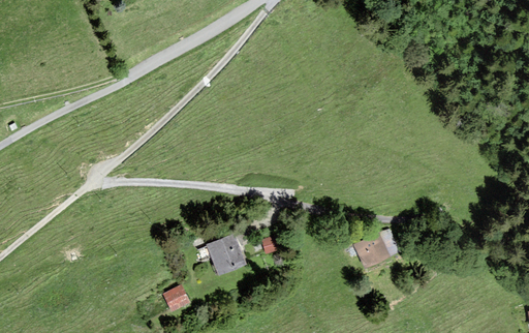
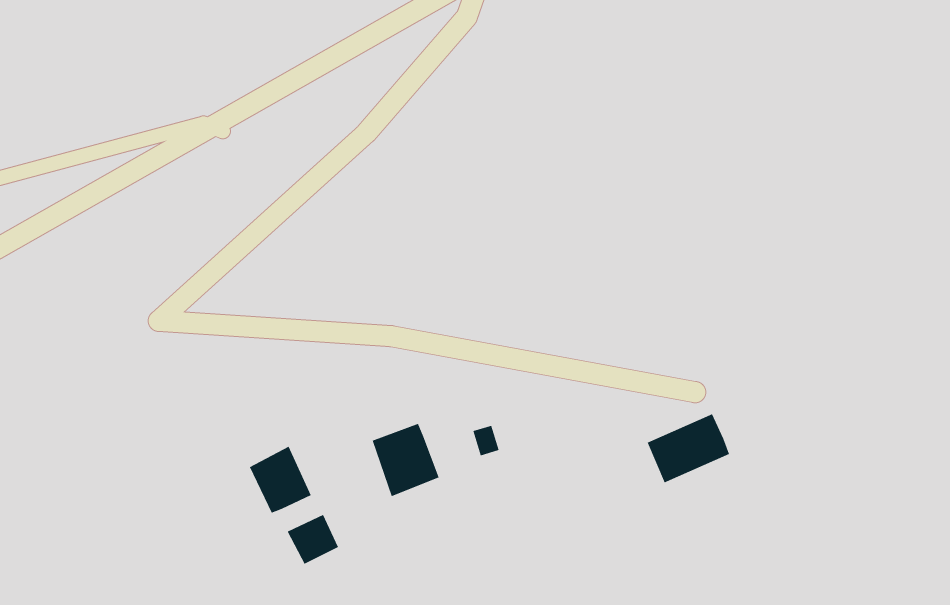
building: none -> [249,446,312,514]

